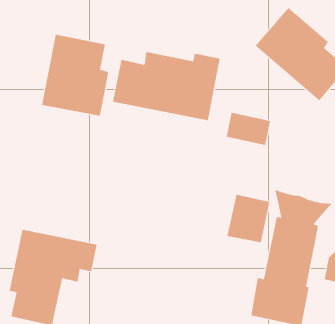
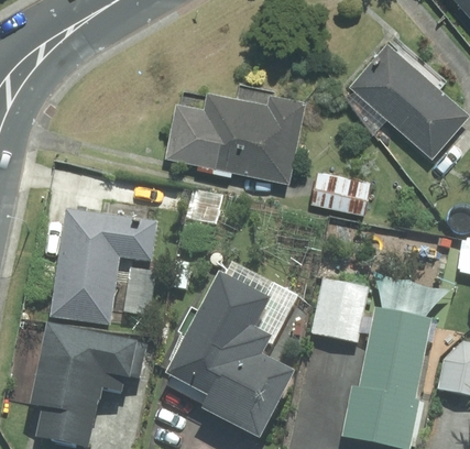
building: [42,34,109,117] -> none
building: none -> [52,209,156,324]
building: none -> [167,271,294,436]

